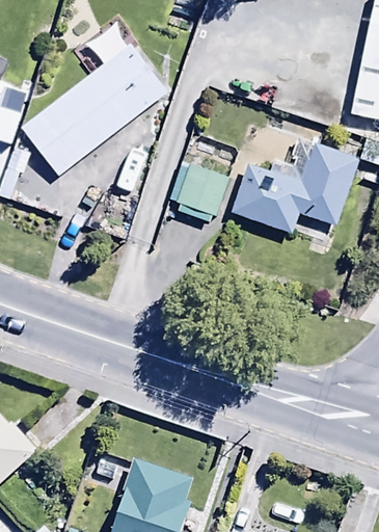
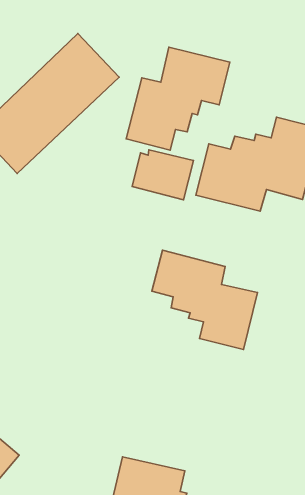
building: none -> [126,47,230,150]
building: none -> [152,250,257,350]

